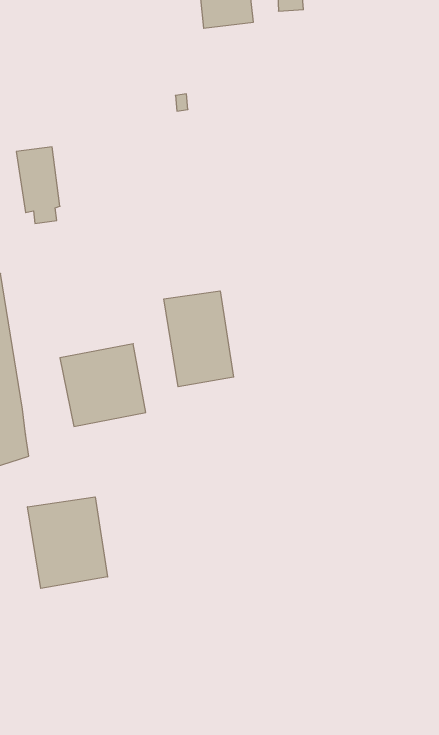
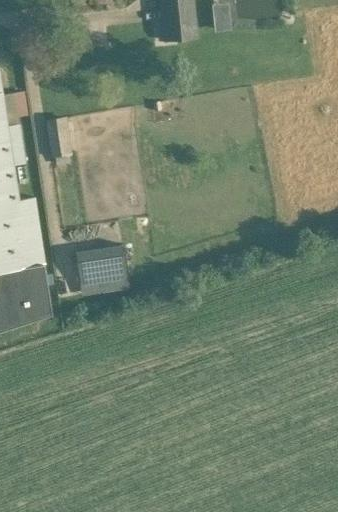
building: [164,291,234,387] -> none
building: [28,497,108,588] -> none

